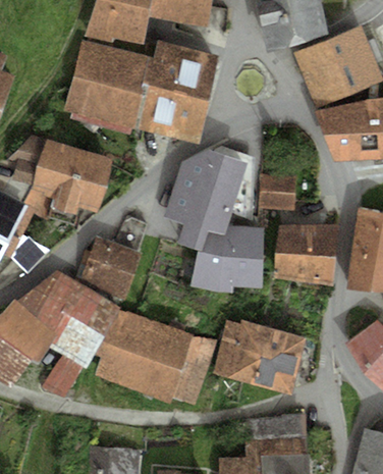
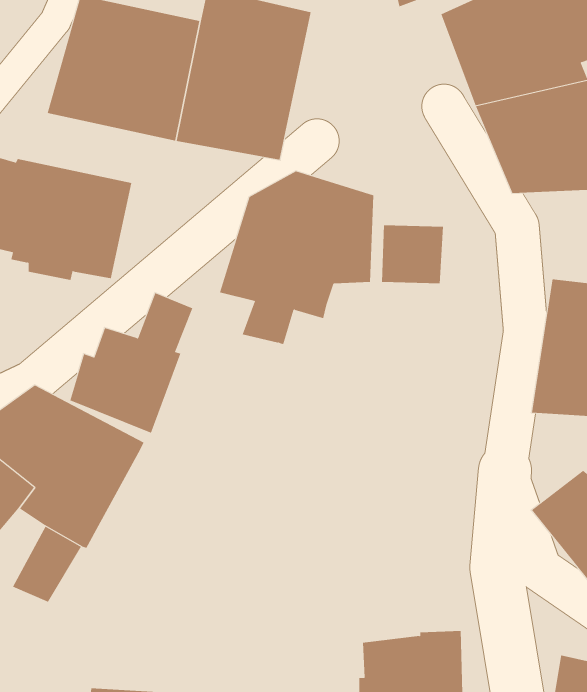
building: [274,223,337,282] -> none
building: [190,224,263,293] -> none
building: [94,311,215,406] -> none
building: [213,319,306,391] -> none

